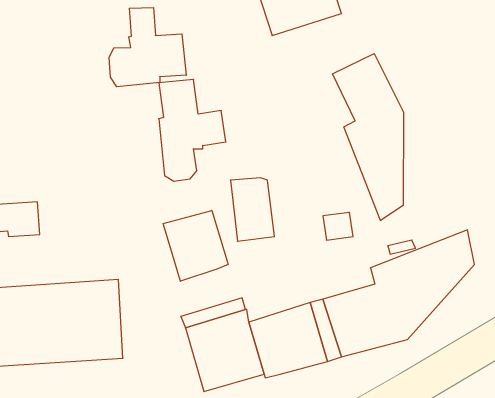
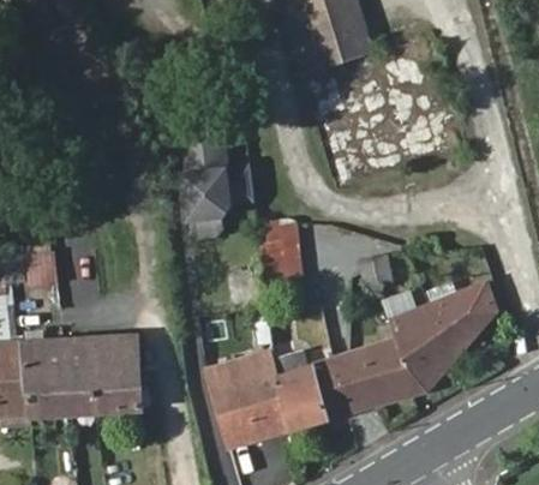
building: [109,8,186,87] -> none
building: [333,54,404,221] -> none
building: [163,210,228,281] -> none

